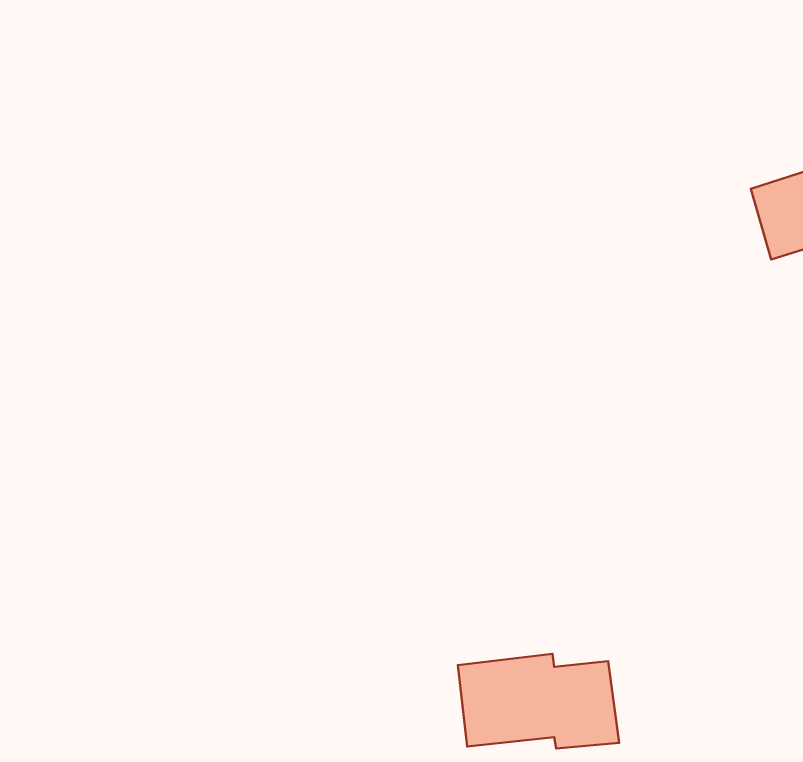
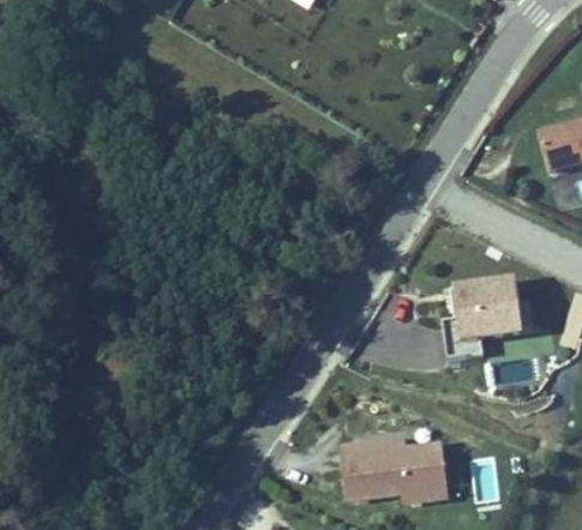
building: none -> [443,278,521,356]

